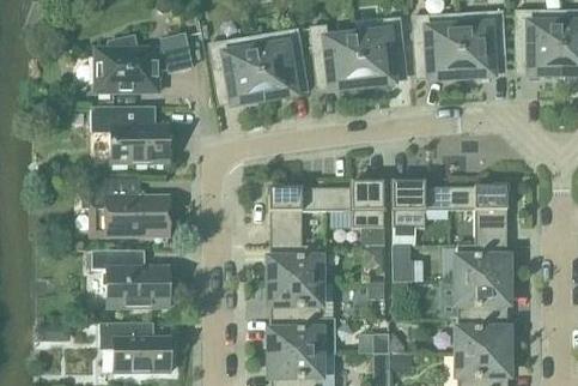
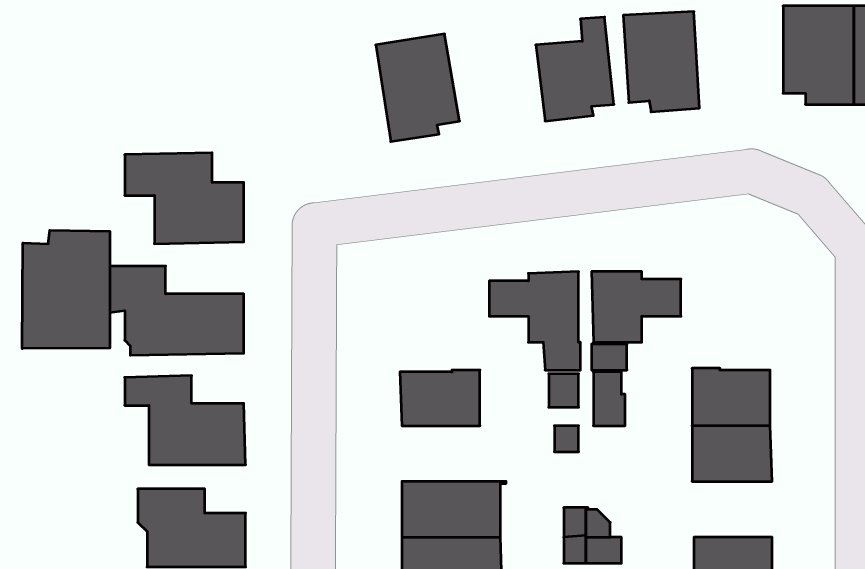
building: [458,12,506,77] -> none
building: [311,25,363,89] -> none
building: [96,34,193,91] -> none
building: [209,36,263,104] -> none
building: none -> [22,230,110,349]
building: [450,187,507,246] -> none
building: [269,188,327,247] -> none
building: [270,282,337,318] -> none
building: [457,318,509,354] -> none

